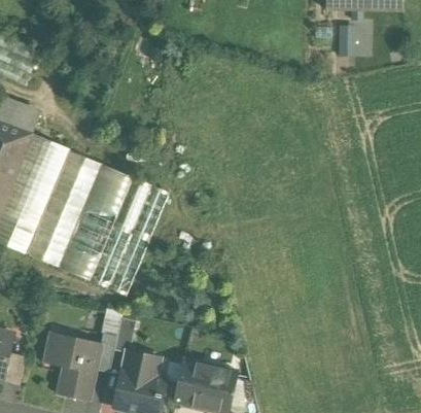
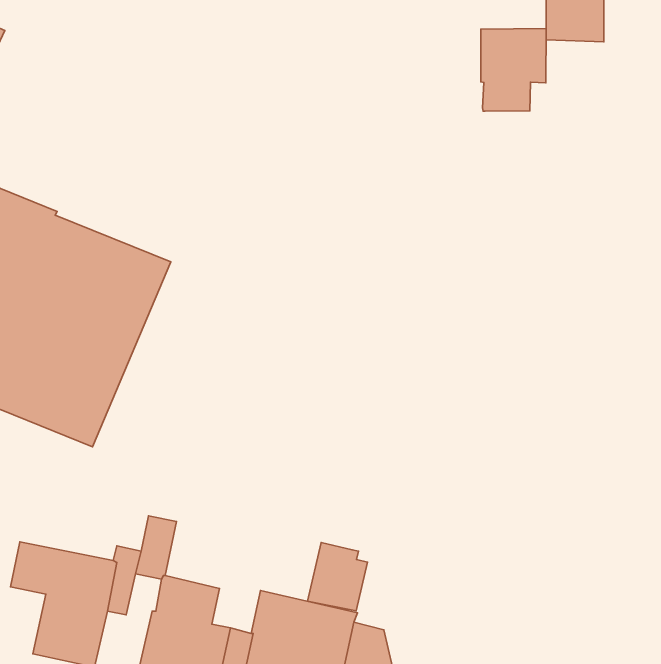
building: none -> [481,28,546,111]
building: [89,177,166,294] -> none
building: none -> [307,543,368,611]

